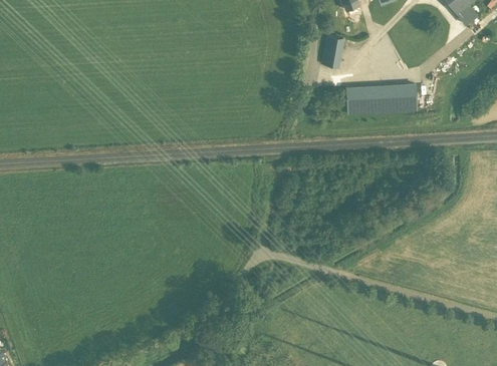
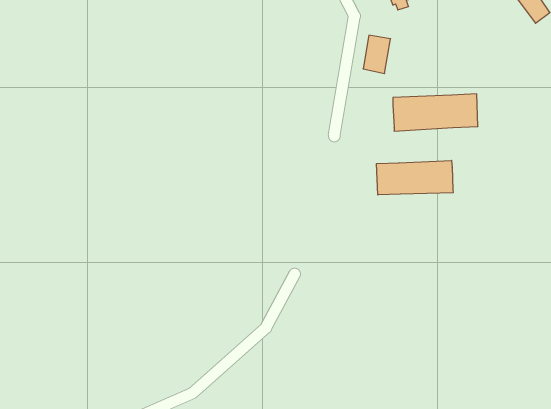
building: none -> [376,160,453,195]

